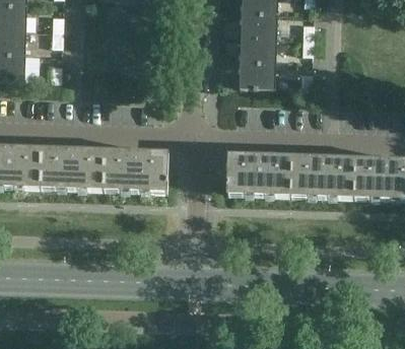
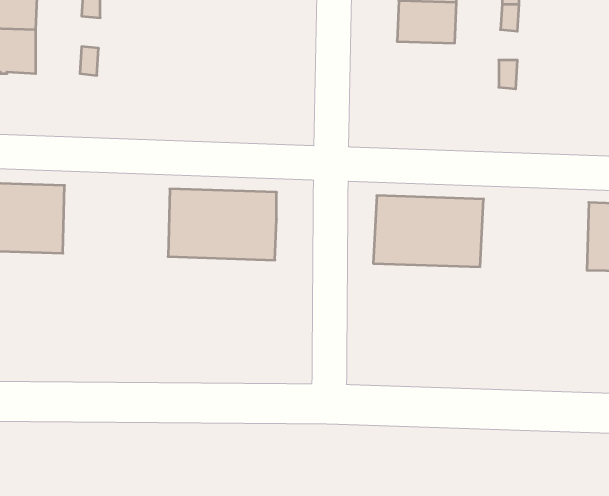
building: [239,60,274,87] -> none
building: [40,146,104,189] -> none
building: [289,154,354,197] -> none

